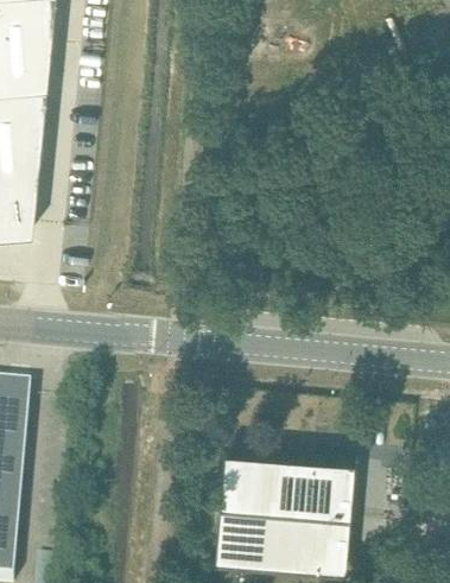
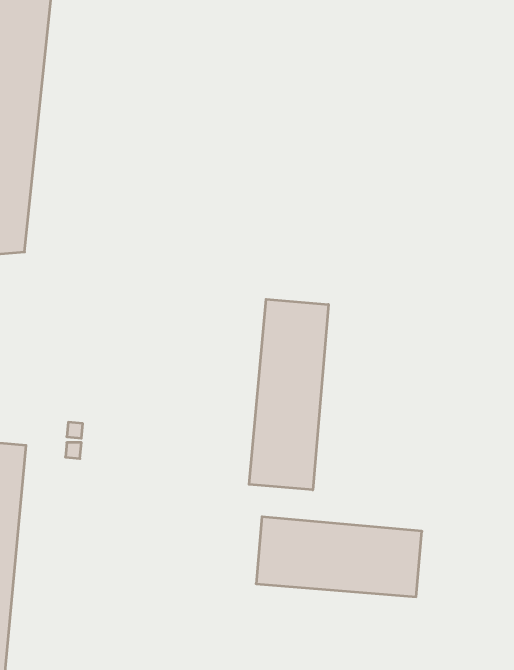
building: none -> [249,299,328,490]
building: [213,500,348,565] -> none

